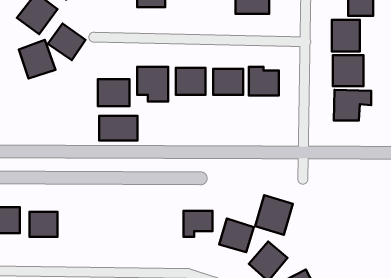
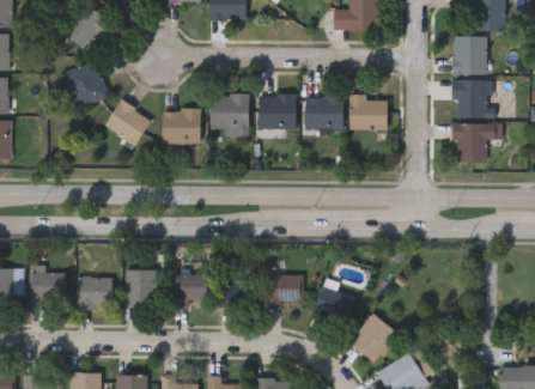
building: [48,24,85,60] -> [103,101,150,146]
building: [99,116,137,141] -> none
building: [255,195,293,235] -> none
building: none -> [123,268,156,306]
building: none -> [172,272,209,305]
building: none -> [219,276,257,304]

